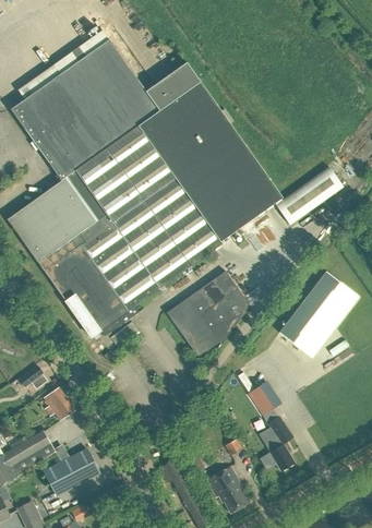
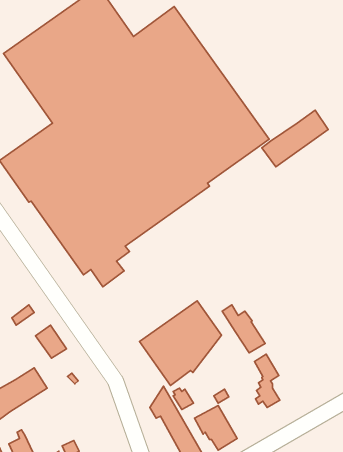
building: [166,271,250,357] -> [139,301,222,385]
building: [279,271,352,352] -> none
building: [44,448,99,495] -> none

